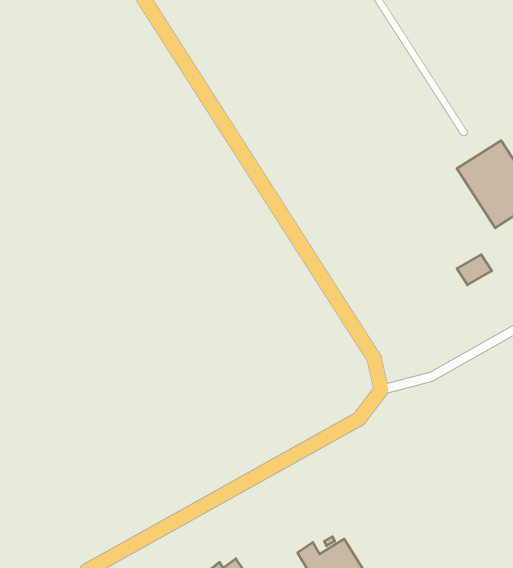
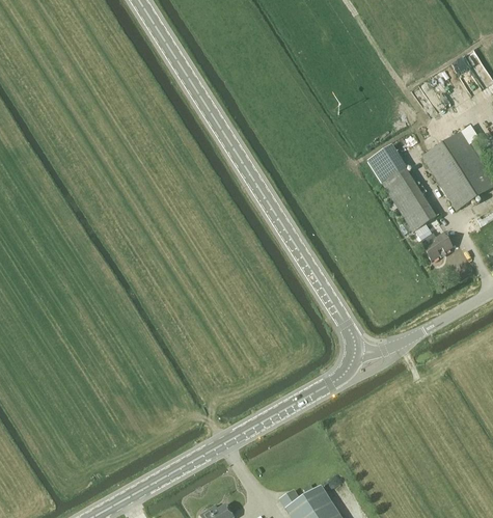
building: none -> [368,146,437,233]

